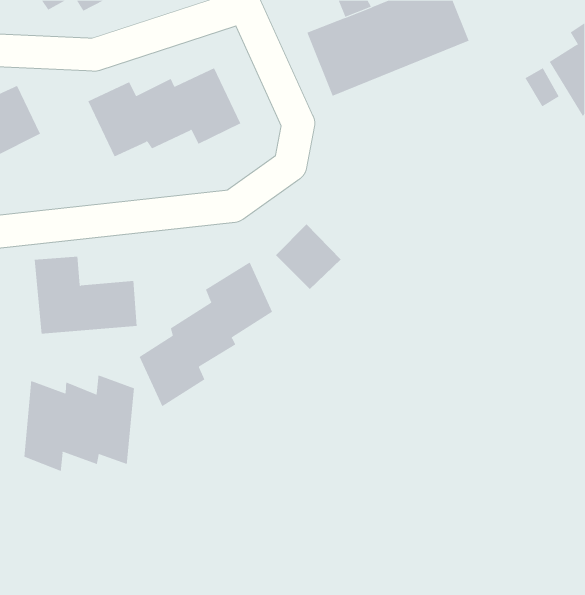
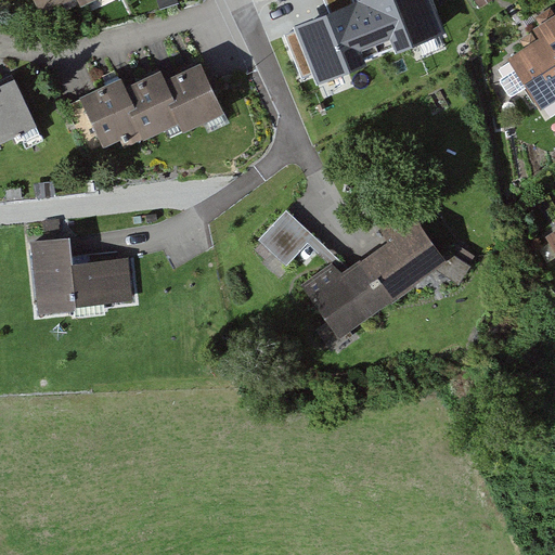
building: none -> [305,198,449,335]
building: [139,262,273,407] -> none
building: [24,375,134,472] -> none

